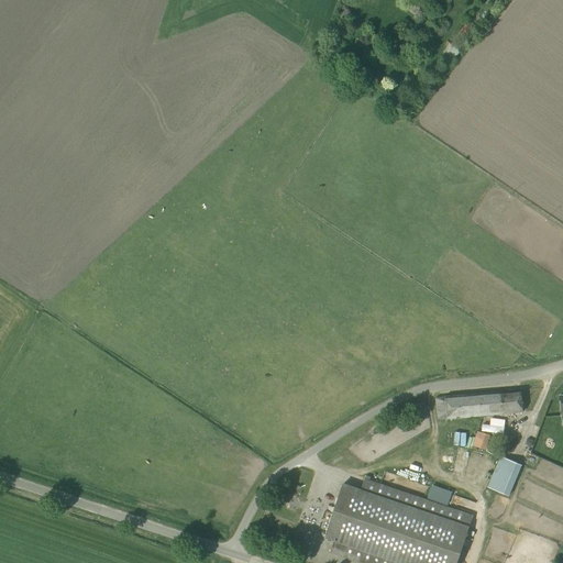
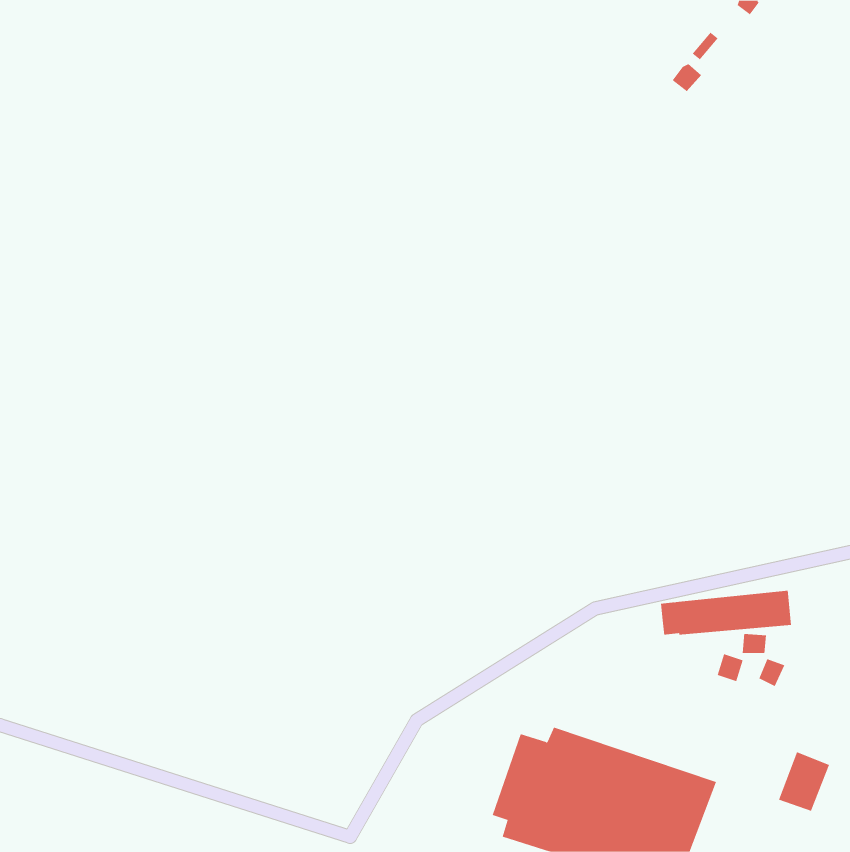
building: [488,456,522,496] -> [778,752,830,812]

